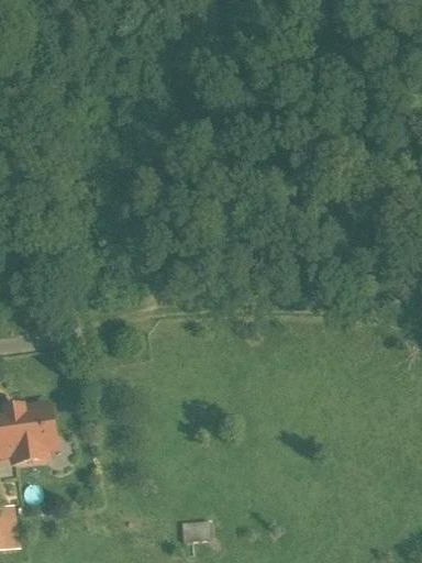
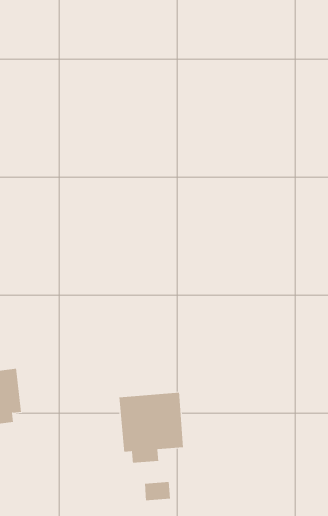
building: none -> [119,392,184,463]

